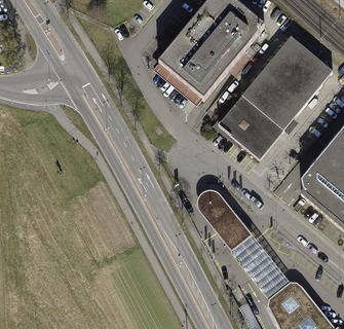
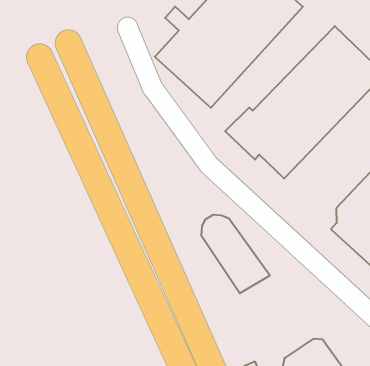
building: [231,232,291,296] -> none

